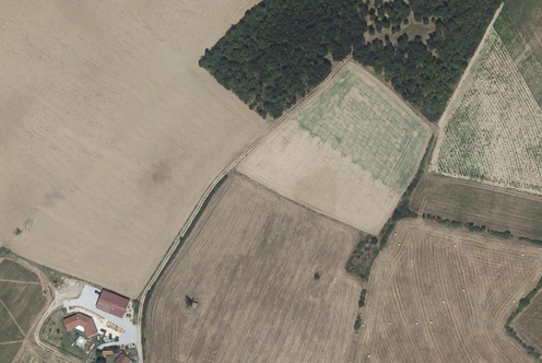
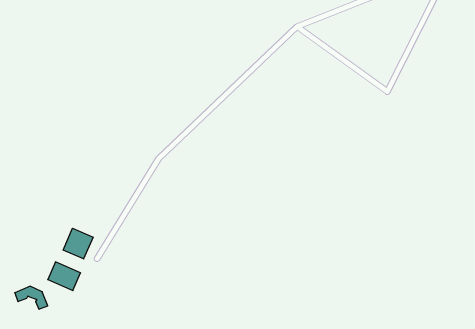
building: none -> [63,228,93,259]

